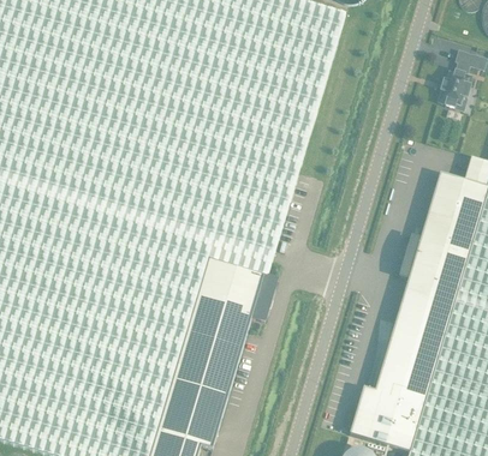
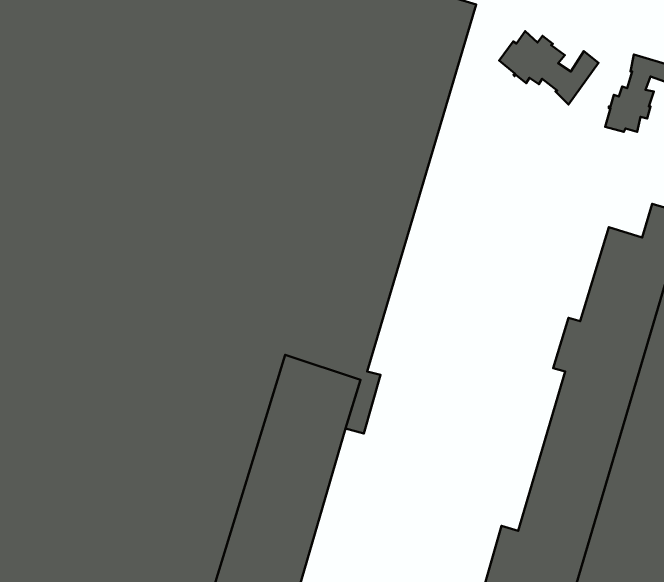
building: none -> [499,31,598,104]

